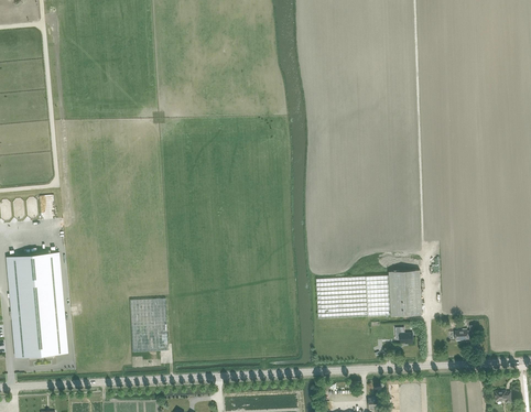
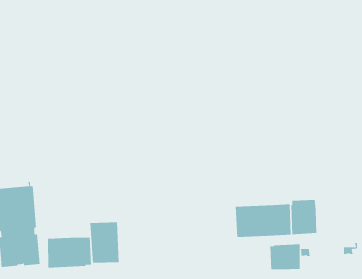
building: none -> [48,237,92,268]
building: none -> [270,243,300,270]

